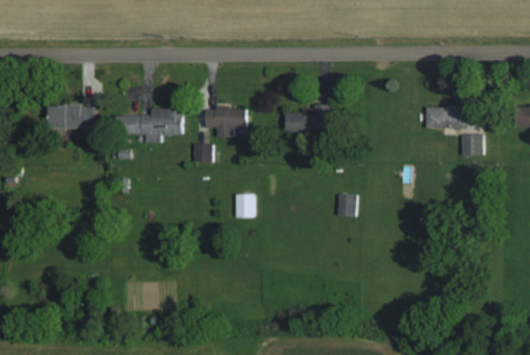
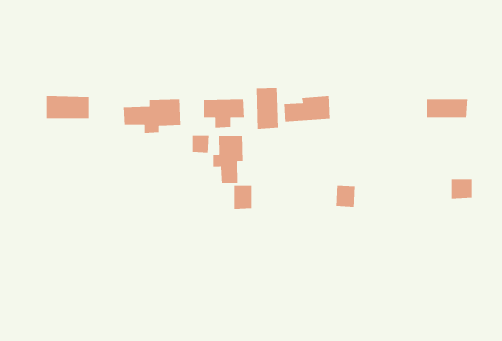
building: none -> [256,87,279,130]
building: [461,135,482,155] -> [451,179,473,199]
building: none -> [212,135,243,184]

